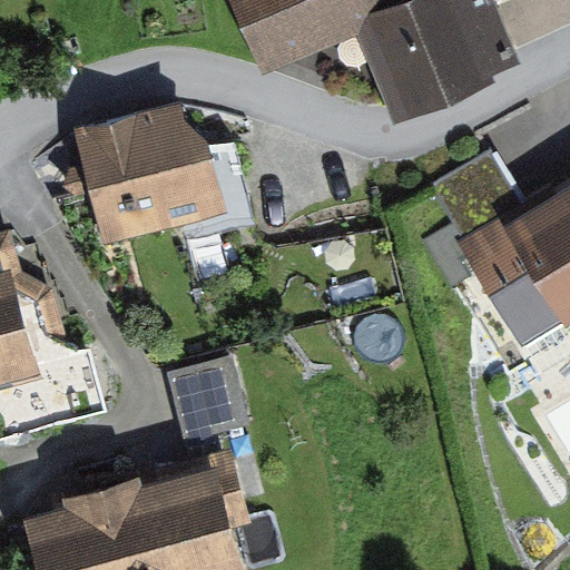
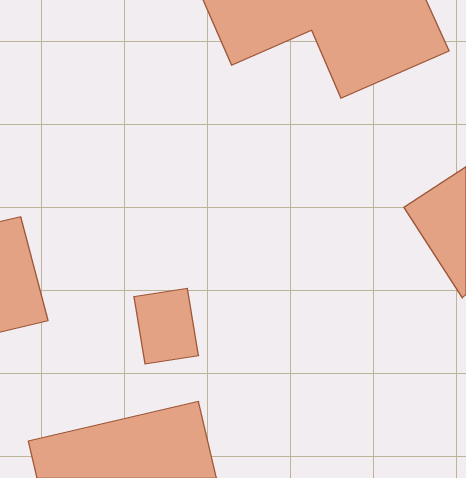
building: [67,94,228,248] -> none

